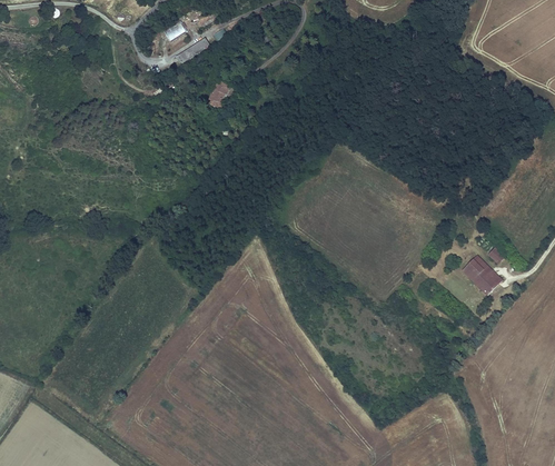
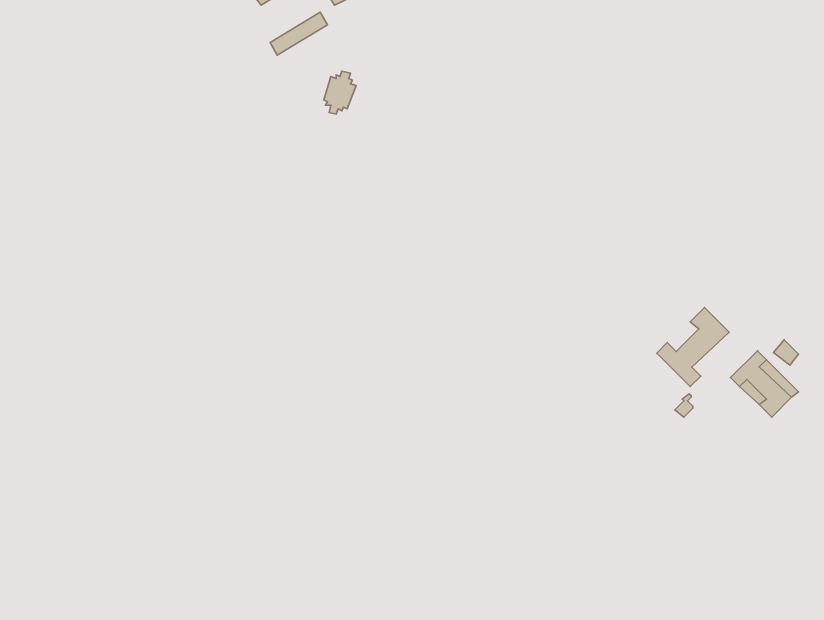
building: none -> [657,307,729,387]

